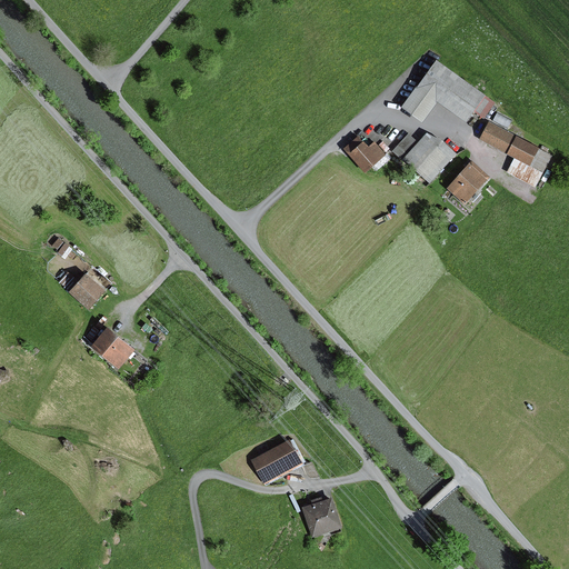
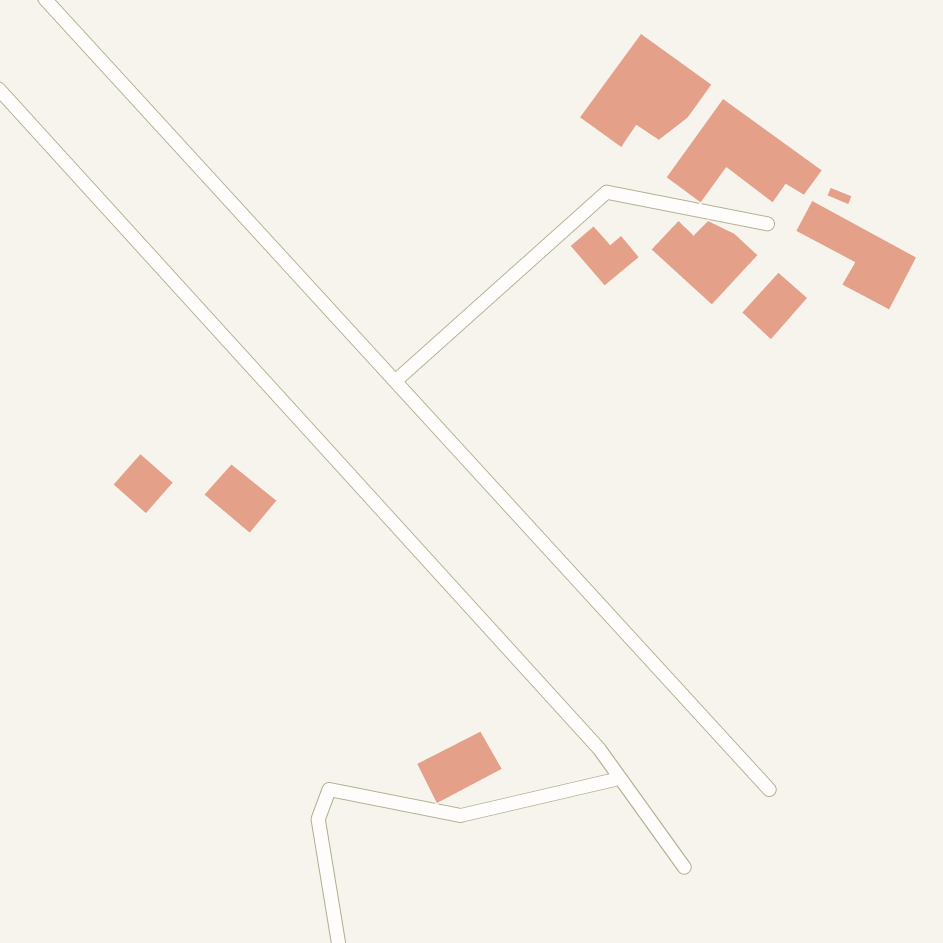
building: none -> [579,33,713,148]
building: [90,327,134,369] -> [204,463,278,534]
building: [301,497,341,538] -> none

